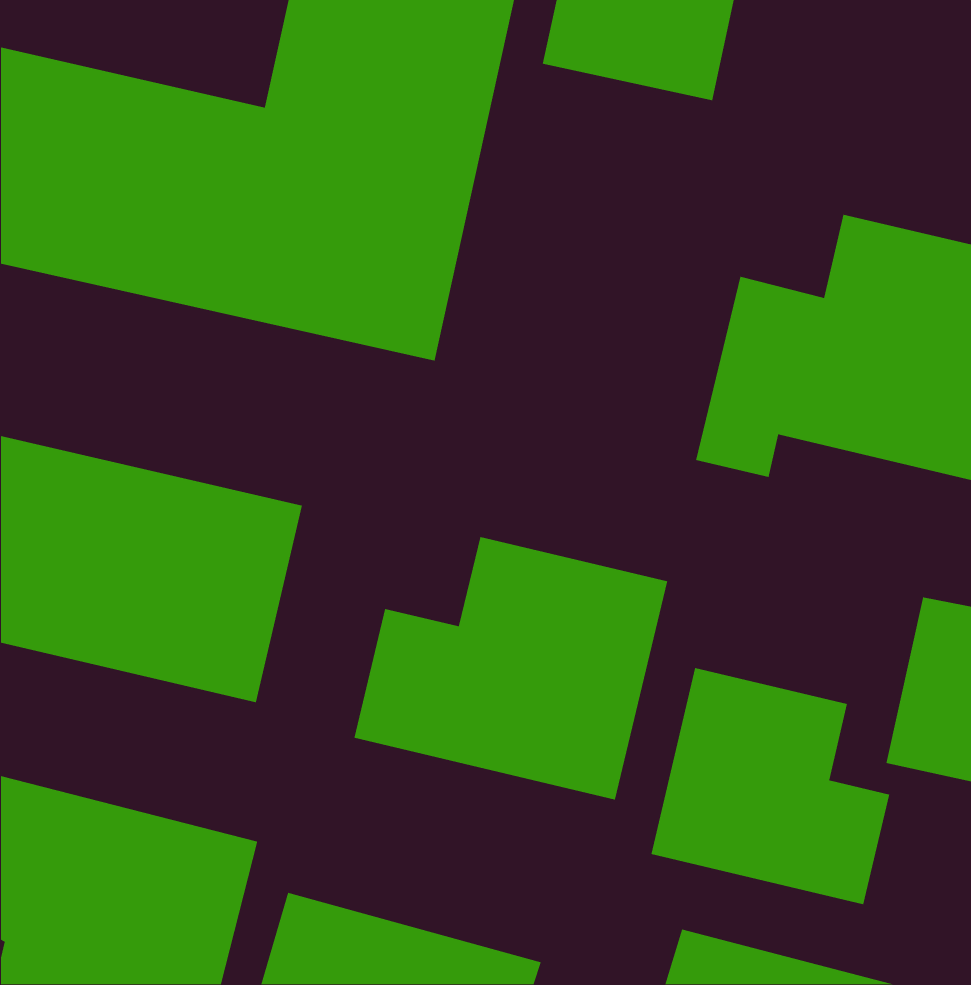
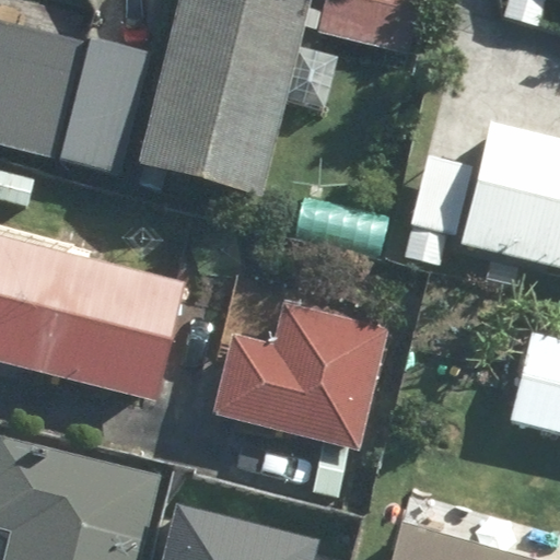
building: [651,667,890,905] -> none

